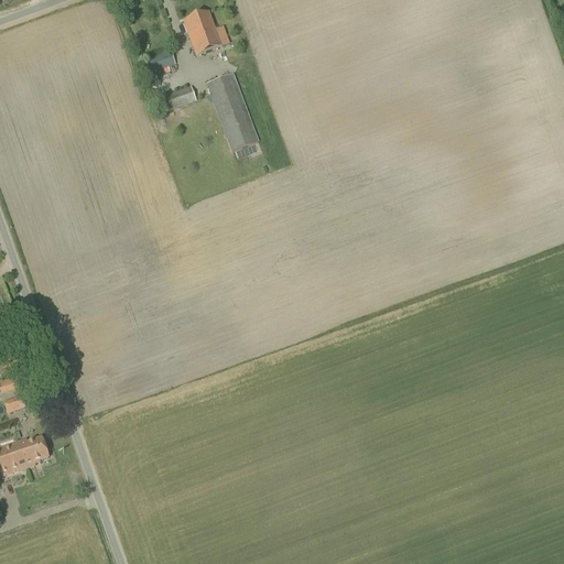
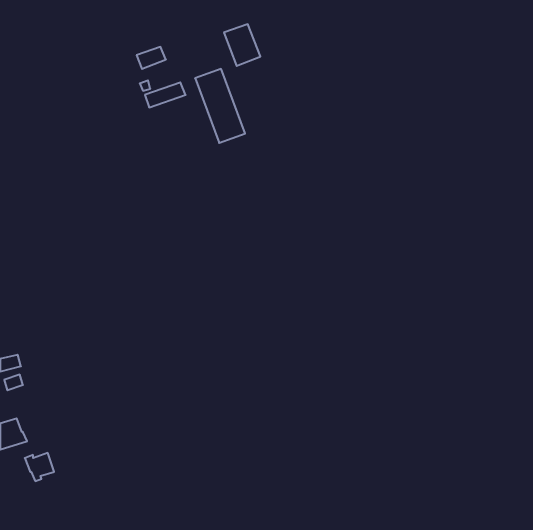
building: [183,11,221,55] -> [224,24,260,66]
building: [18,436,48,466] -> [25,453,54,481]

